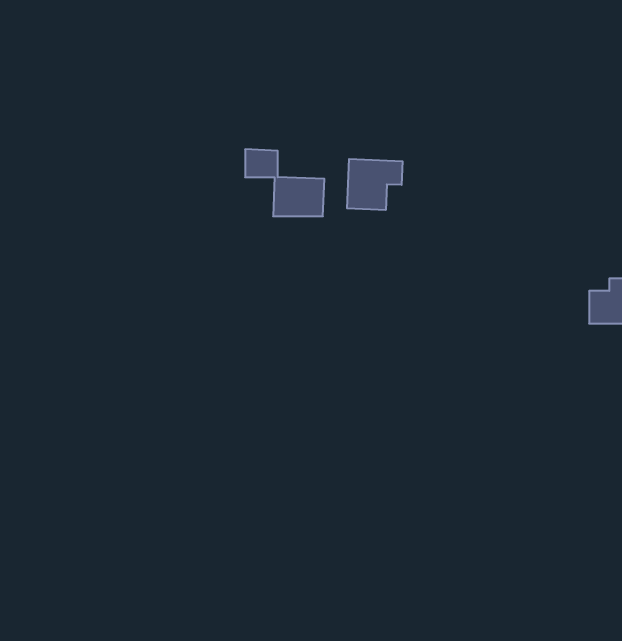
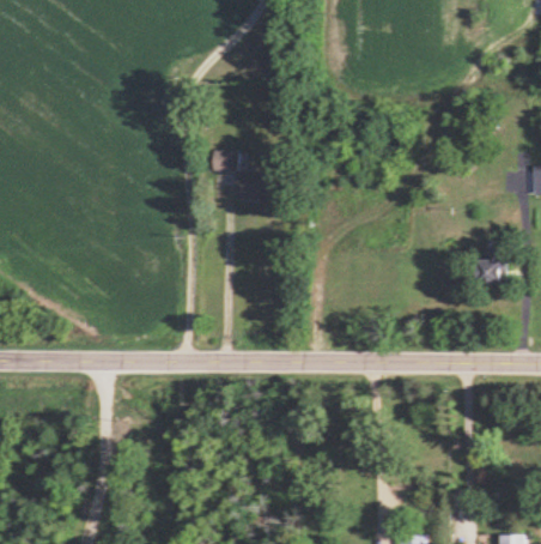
building: [347,159,403,210] -> none

